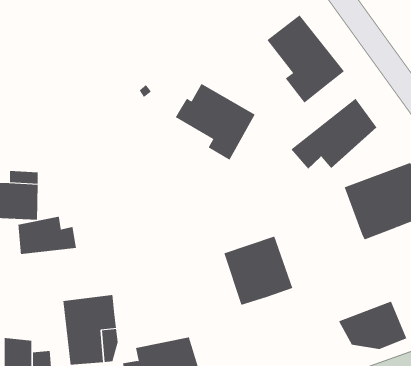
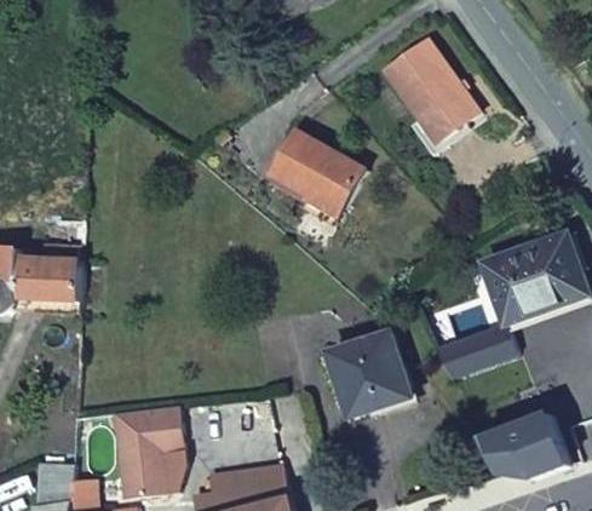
building: [290,98,377,169] -> none
building: [18,216,76,255] -> none
building: none -> [436,325,518,379]

